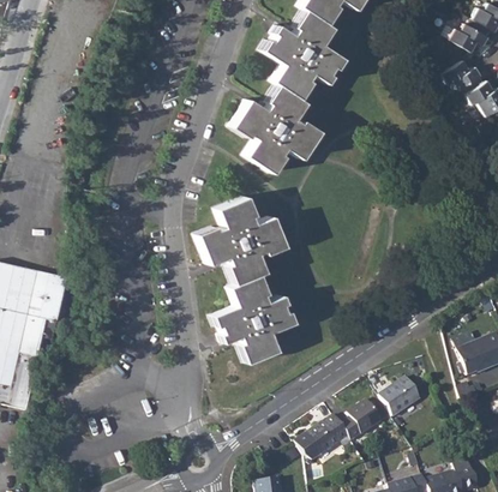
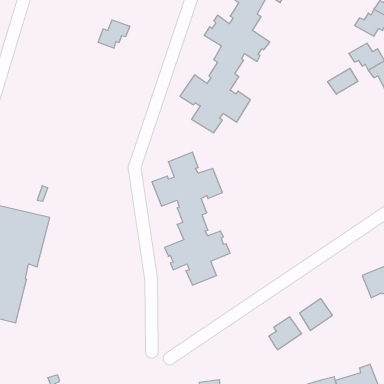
building: none -> [98,20,130,48]
building: none -> [328,68,358,94]
building: [298,415,350,461] -> none

